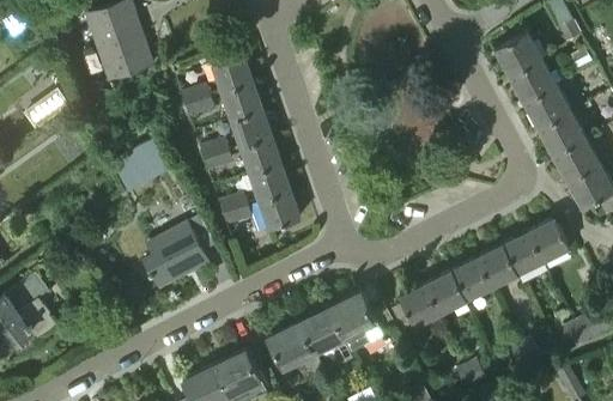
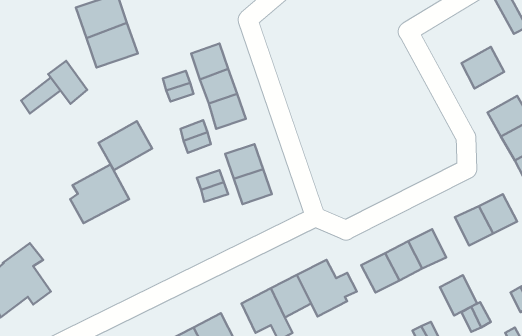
building: [494,31,541,75] -> none
building: none -> [48,61,87,104]
building: [523,85,570,129] -> none
building: [239,136,281,175] -> none
building: [144,223,208,287] -> [70,164,129,223]
building: [477,244,517,288] -> [440,275,477,316]

